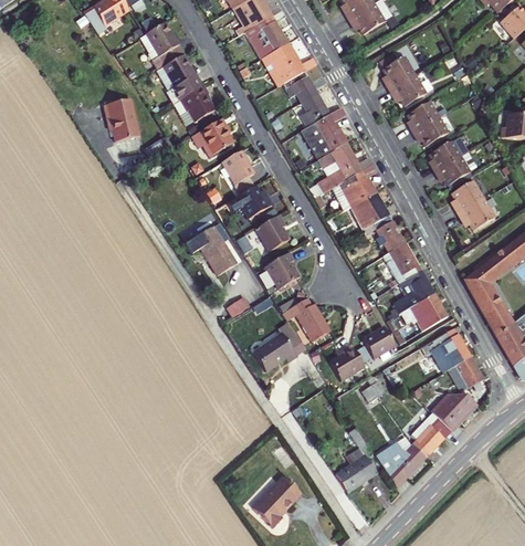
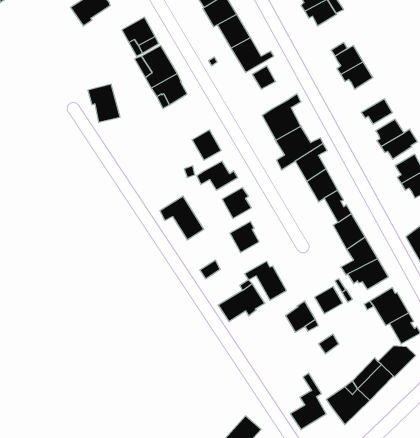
building: [301,95,329,126] -> none
building: [409,98,441,130] -> none
building: [193,119,235,157] -> none

